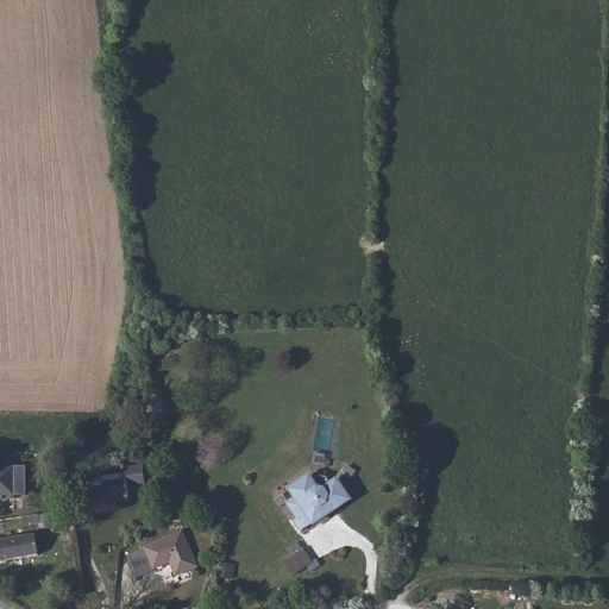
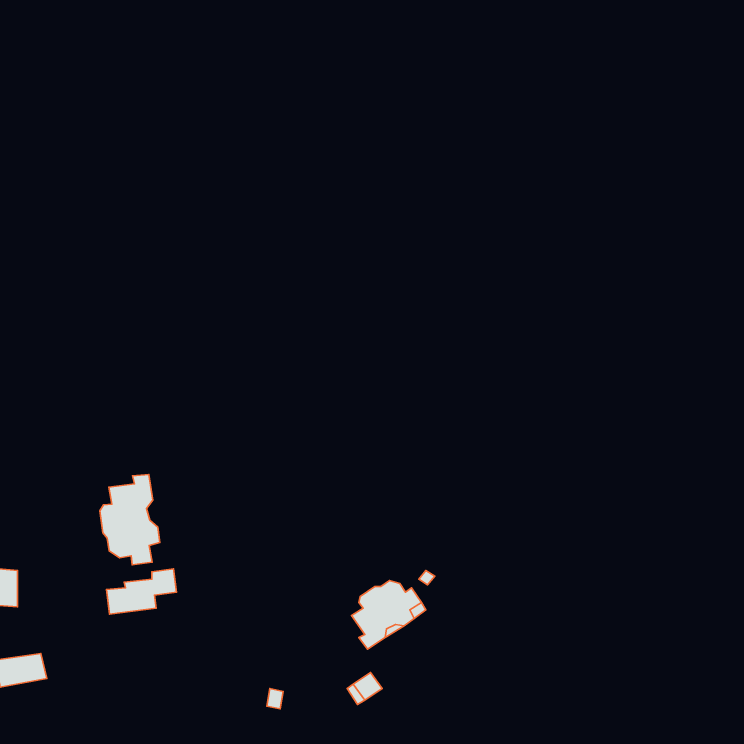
building: none -> [100,474,160,565]
building: [127,529,196,577] -> none

